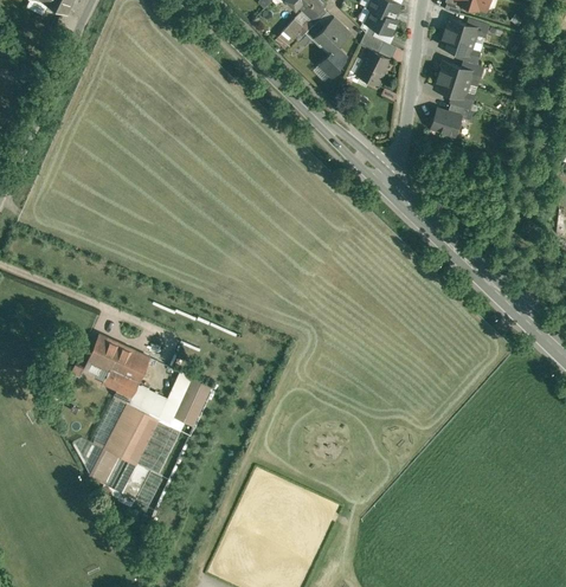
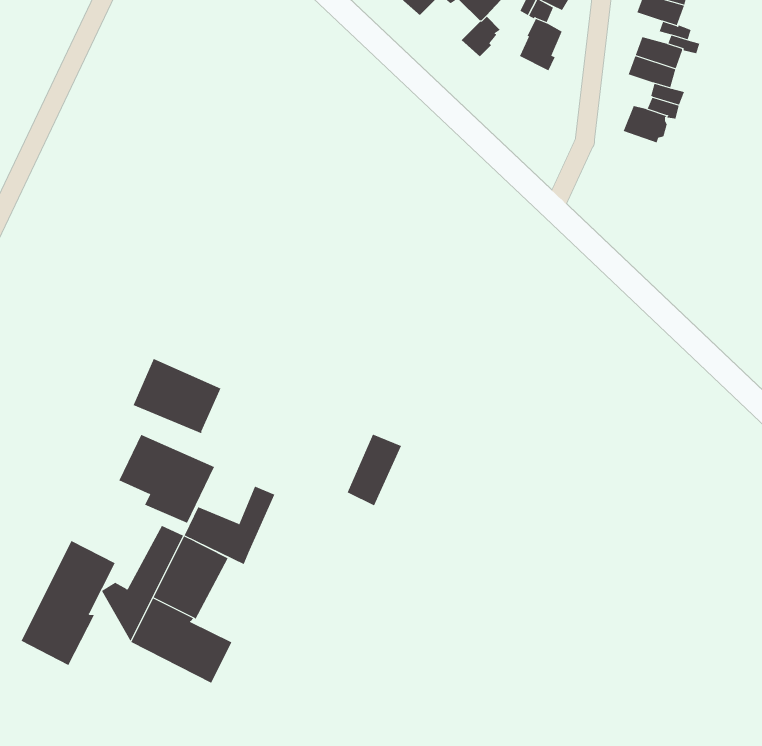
building: none -> [133,358,221,434]
building: [174,378,212,427] -> [347,434,402,506]
building: none -> [21,540,116,666]
building: [137,421,180,475] -> none

